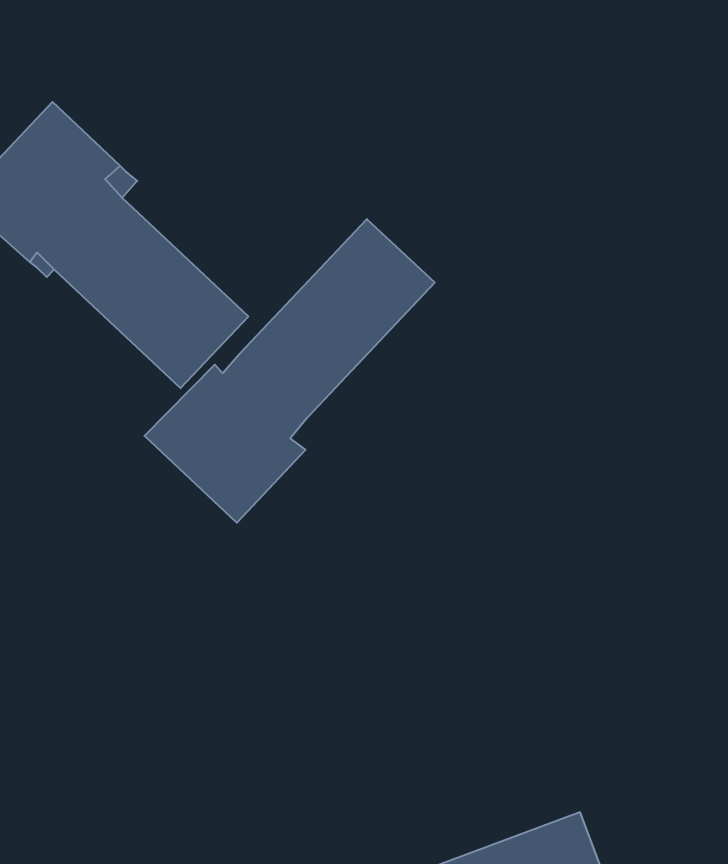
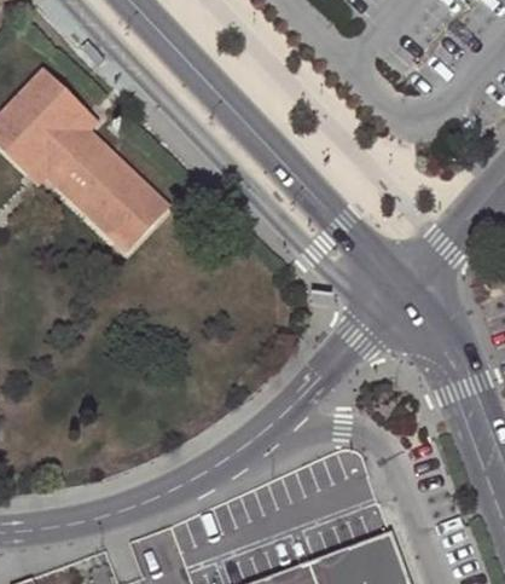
building: [144,219,435,523] -> none

